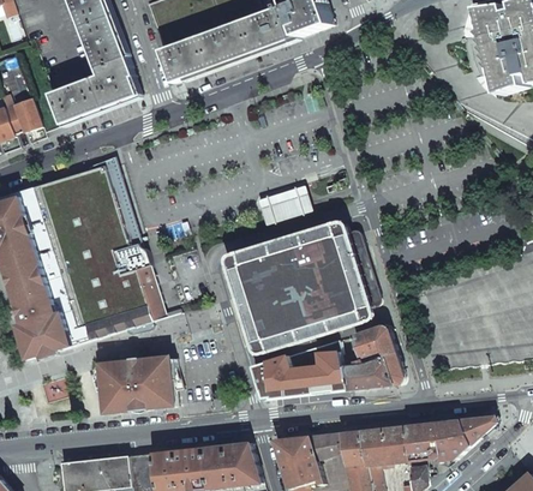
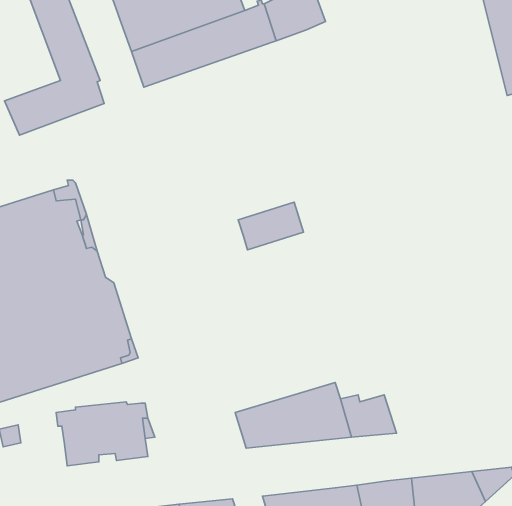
building: [226,222,377,352] -> none
building: [353,324,403,384] -> none

